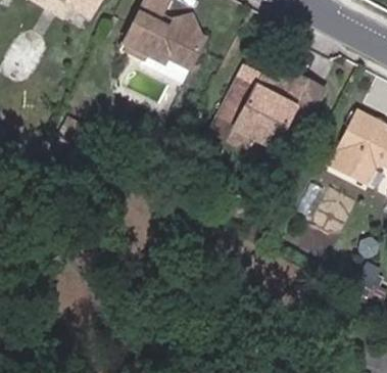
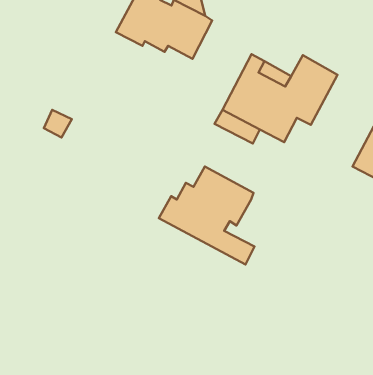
building: none -> [159,166,255,264]

